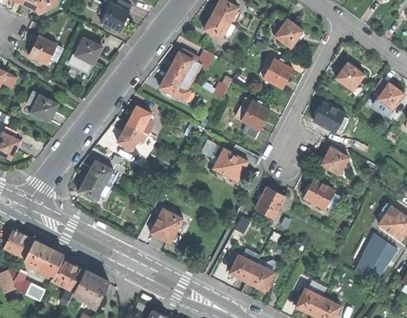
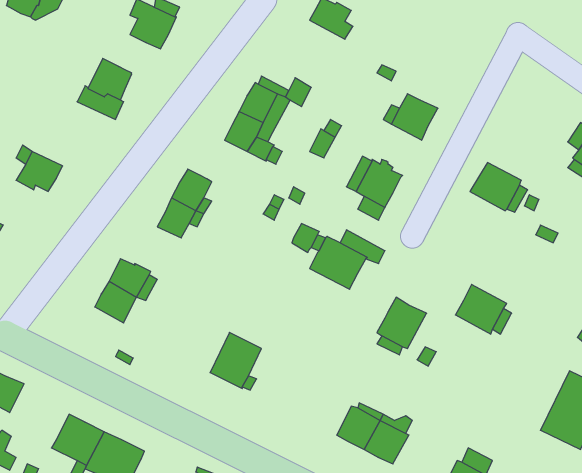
building: [204,13,234,39] -> none
building: [273,18,302,47] -> none
building: [28,35,62,64] -> none
building: [336,61,364,91] -> none
building: [320,146,348,175] -> none
building: [24,240,64,275] -> none

